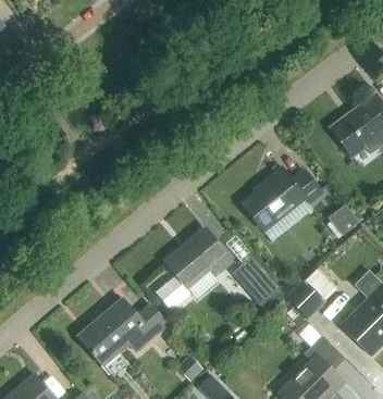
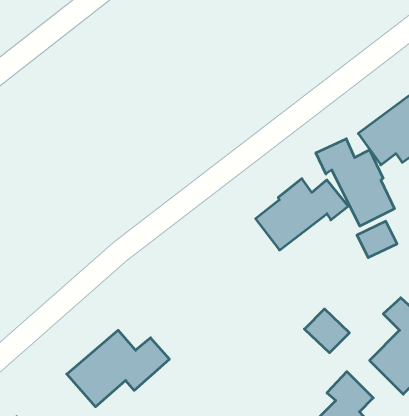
building: none -> [316,139,394,226]
building: [156,227,234,309] -> none
building: [236,255,287,312] -> none

